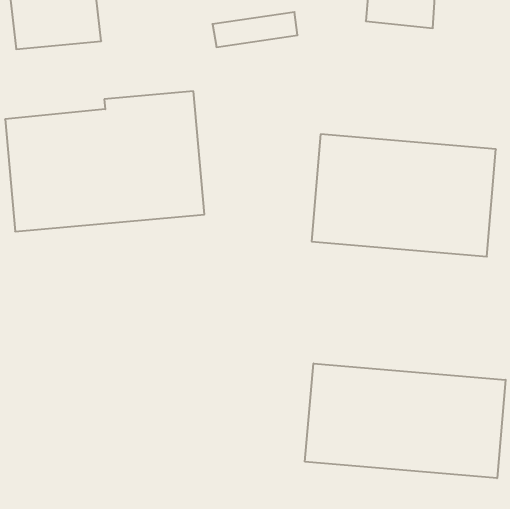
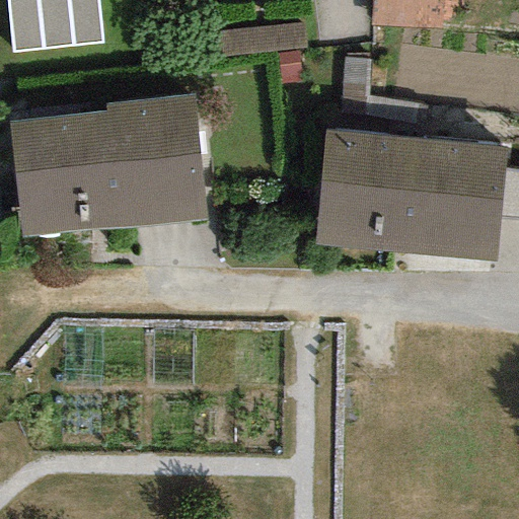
building: [305,363,506,478] -> none

